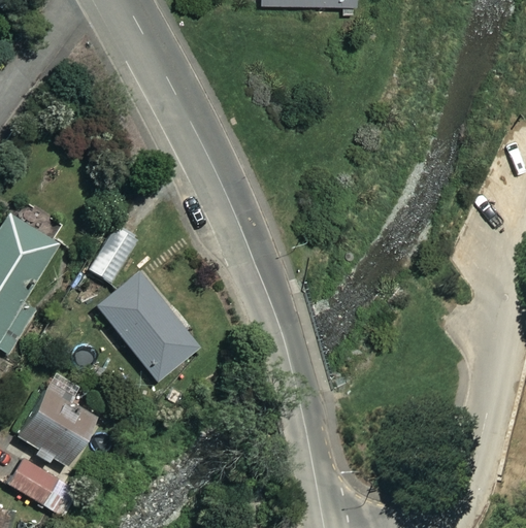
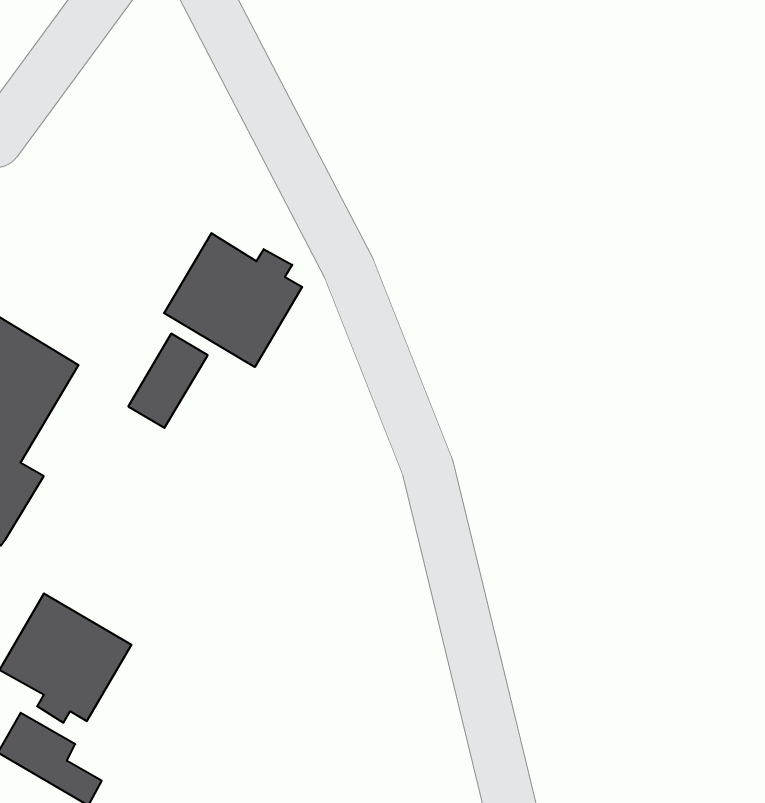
building: none -> [164,233,302,367]
building: [96,270,199,381] -> none

